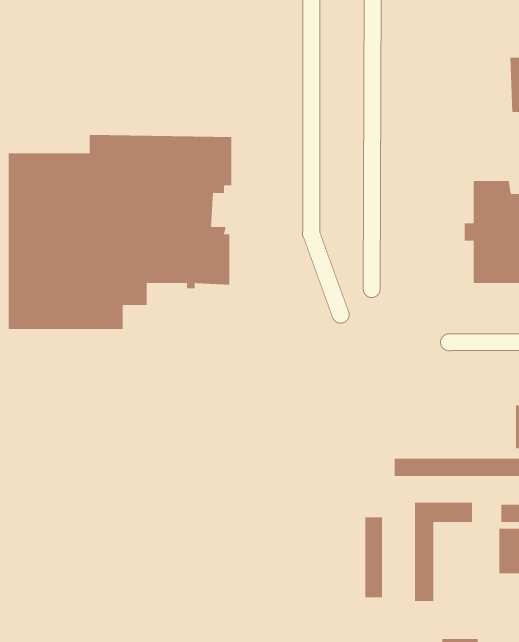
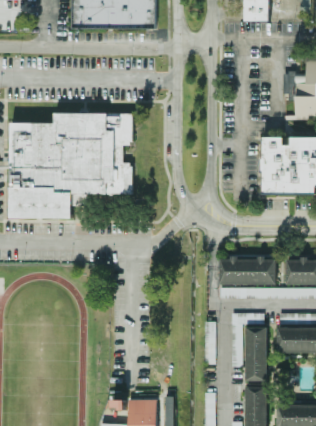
building: none -> [219,255,275,283]
building: none -> [246,326,266,380]

